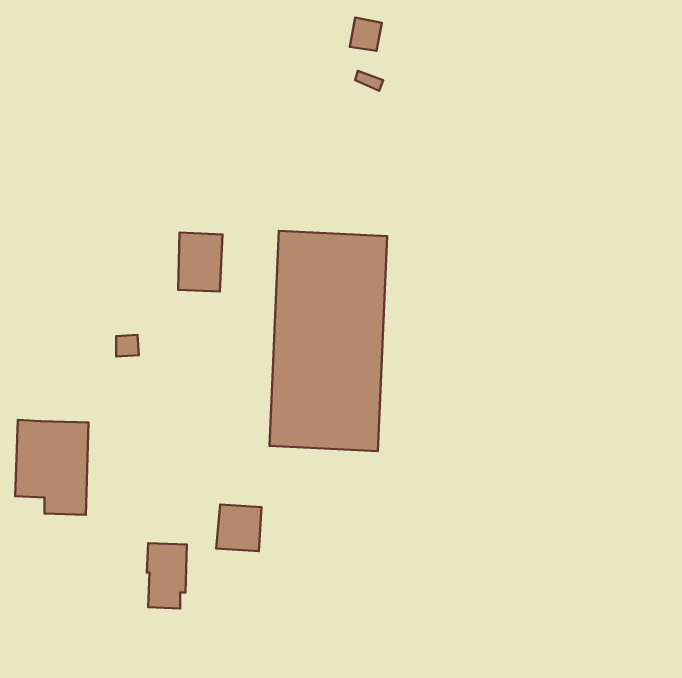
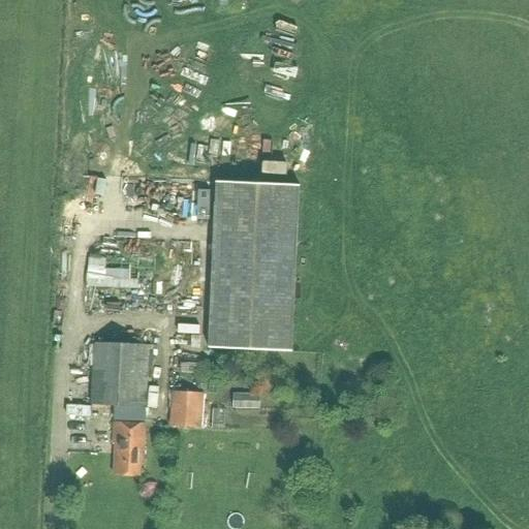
building: [178,233,223,292] -> none
building: [15,420,88,515] -> [90,343,147,416]

